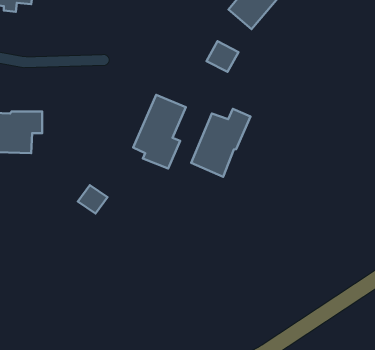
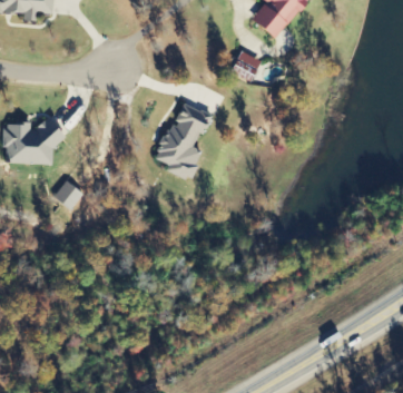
building: [191,109,251,177] -> none
building: [78,185,107,214] -> [52,179,82,208]

